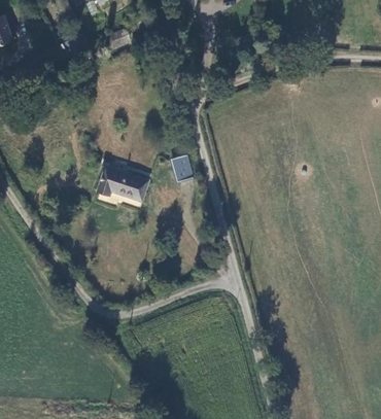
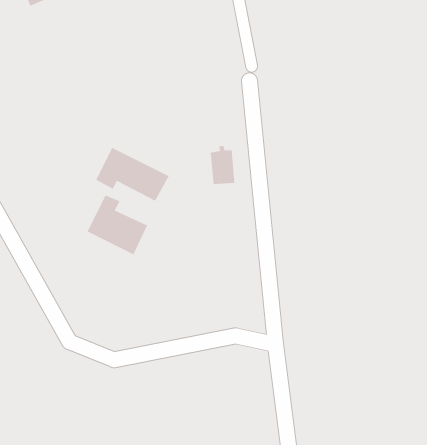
building: none -> [86,194,148,255]

